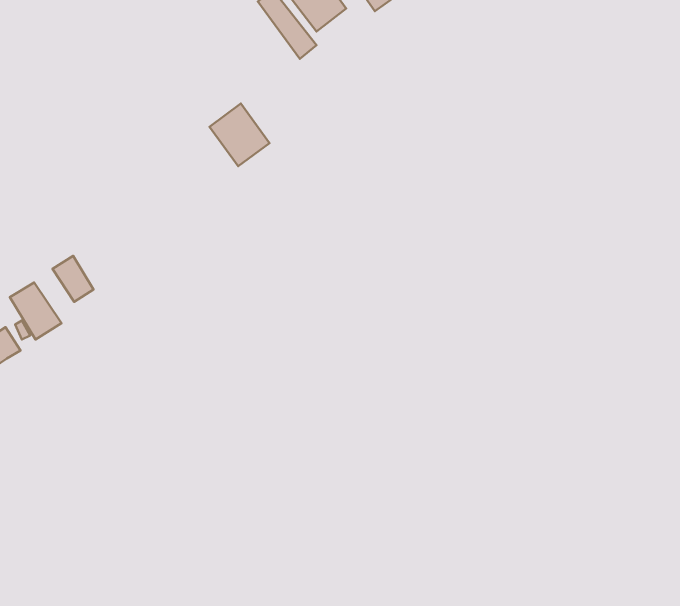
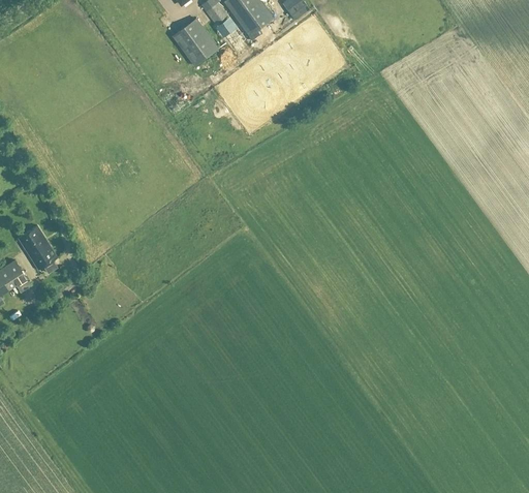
building: [209,104,269,166] -> [173,18,218,65]
building: [53,256,93,302] -> none

